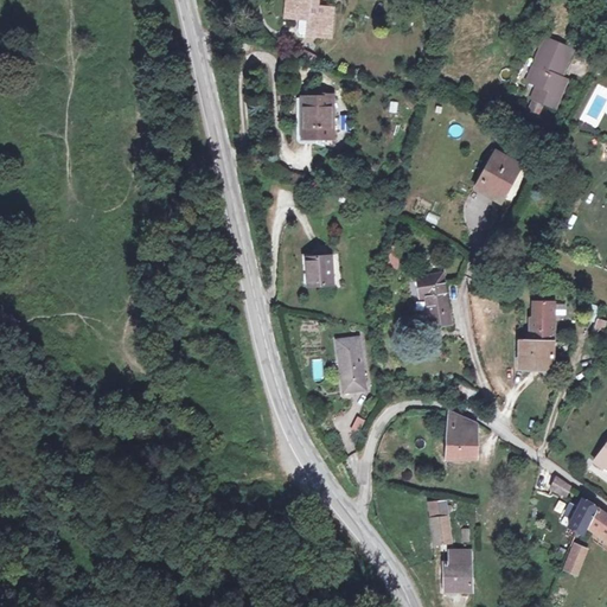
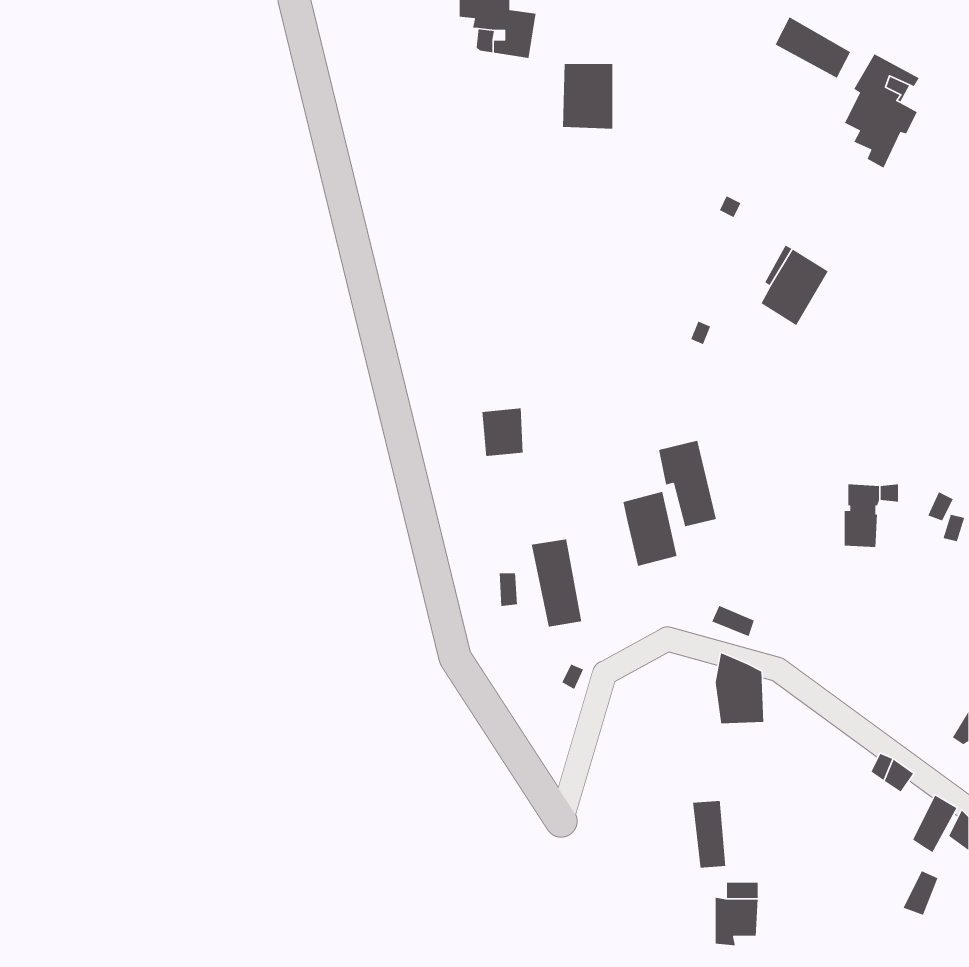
building: none -> [774,16,851,79]
building: [299,96,331,138] -> [562,63,613,129]
building: none -> [623,491,678,567]
building: [515,341,548,370] -> none

